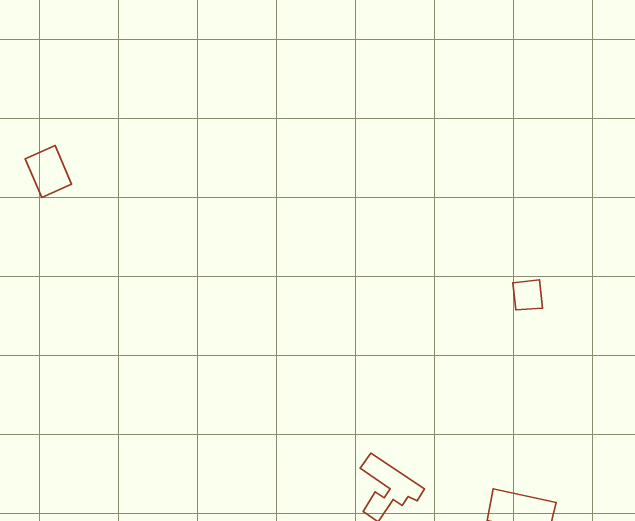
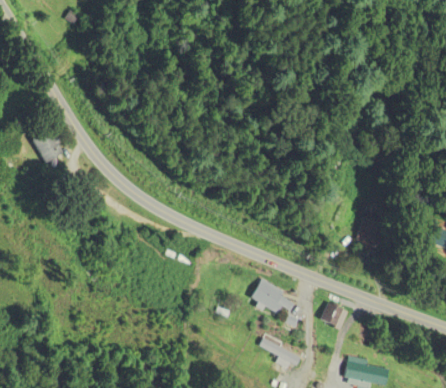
building: none -> [249,279,294,313]
building: none -> [320,301,347,327]

